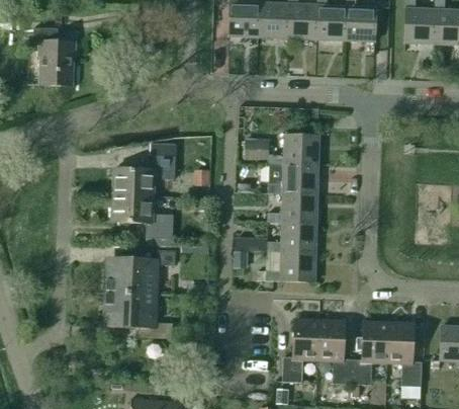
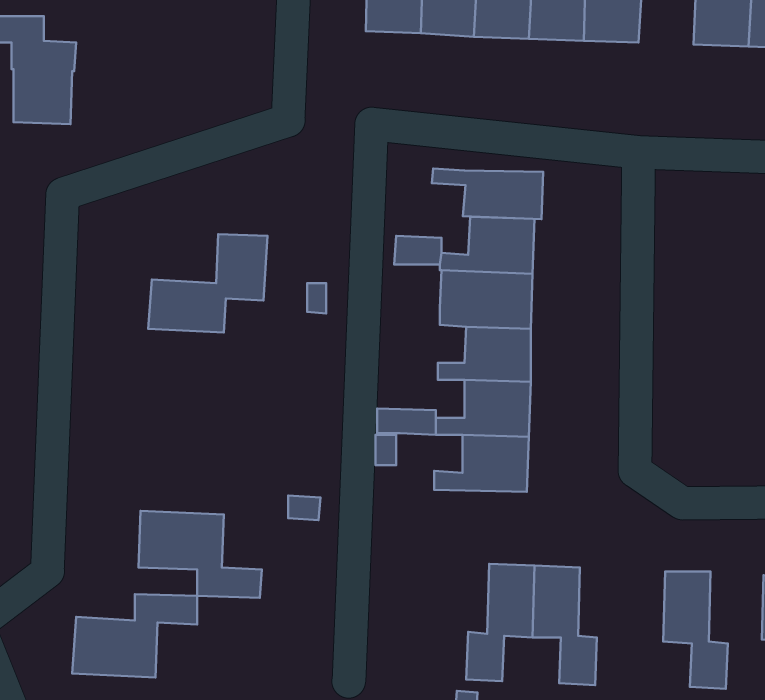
building: none -> [432,169,543,219]
building: [111,193,173,238] -> none
building: [108,248,175,293] -> [72,594,197,677]
building: [351,322,388,384] -> none

